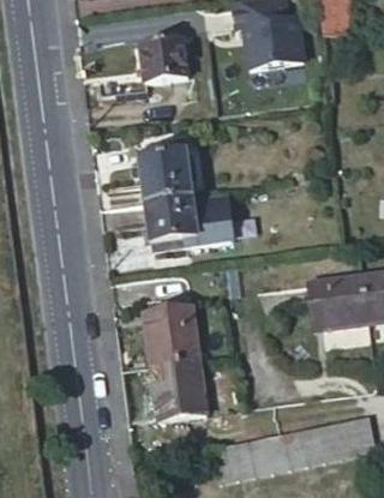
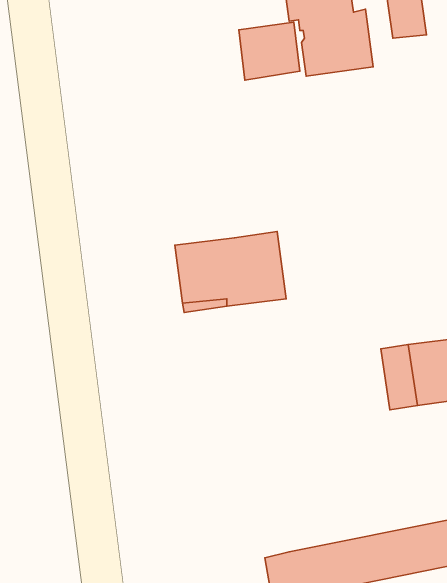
building: [140,36,188,82] -> [239,22,300,80]
building: [140,151,193,202] -> none
building: [145,306,206,421] -> none

